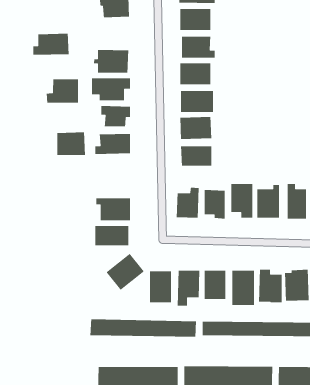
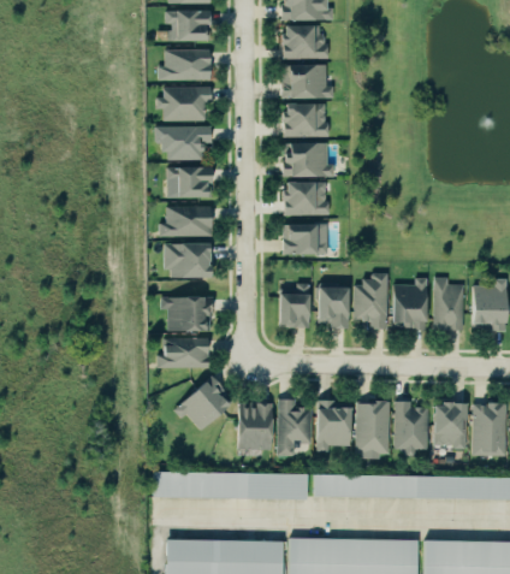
building: [32,33,69,56] -> [159,48,212,81]
building: [46,79,79,104] -> none
building: [56,132,86,156] -> [166,243,208,278]

